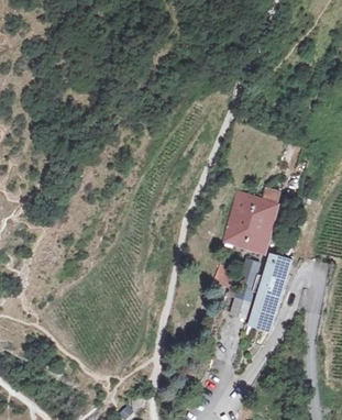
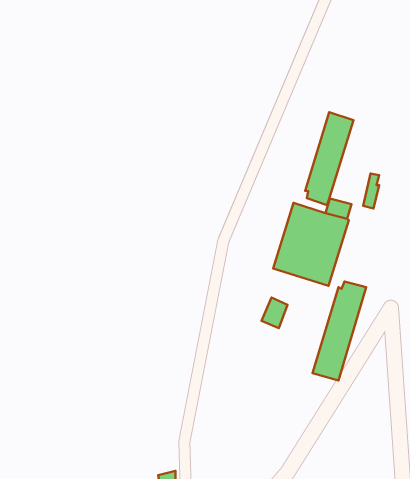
building: none -> [305,112,354,205]

